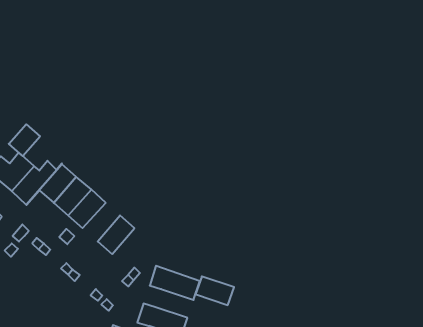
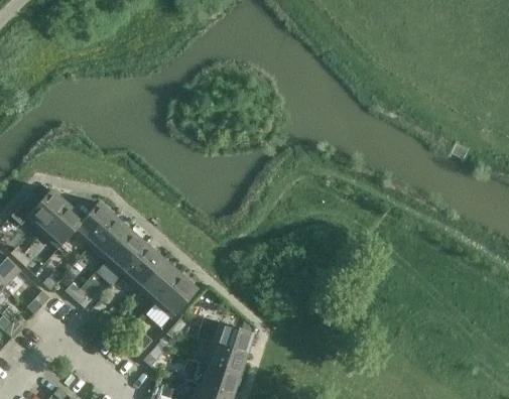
building: [9,124,40,156] -> none
building: none -> [123,246,165,289]
building: none -> [156,274,199,318]
building: [196,276,234,305] -> [205,343,248,375]

